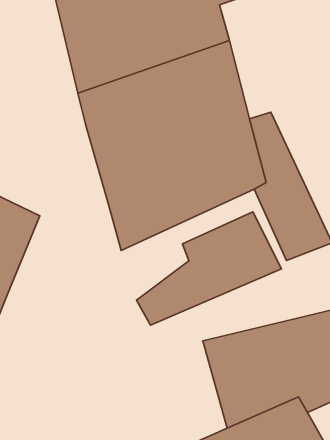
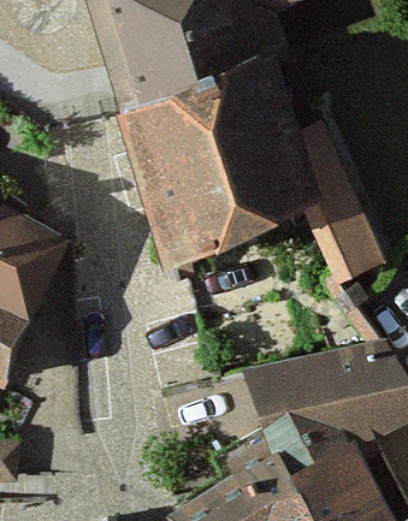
building: [136,212,282,325] -> none

